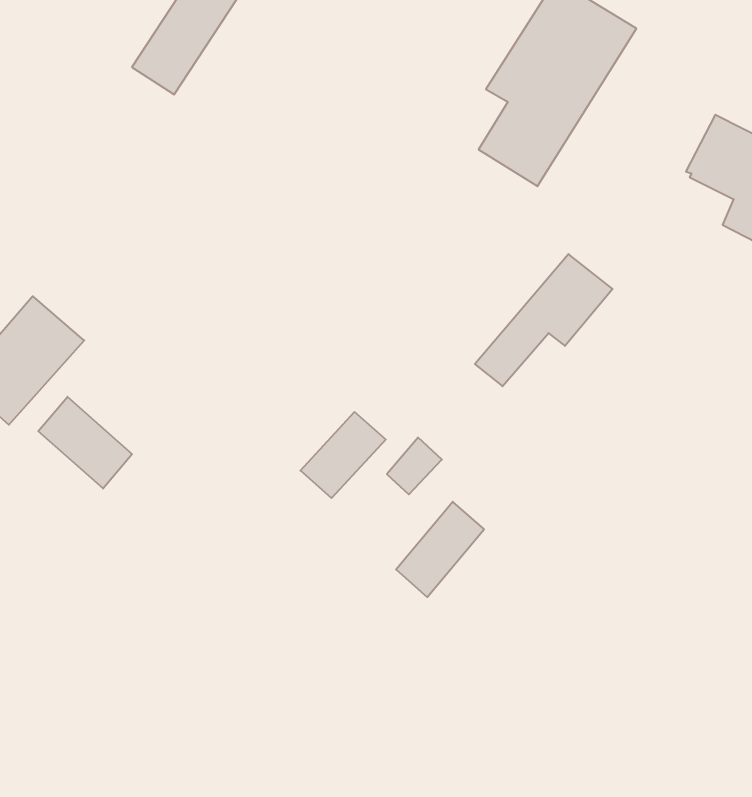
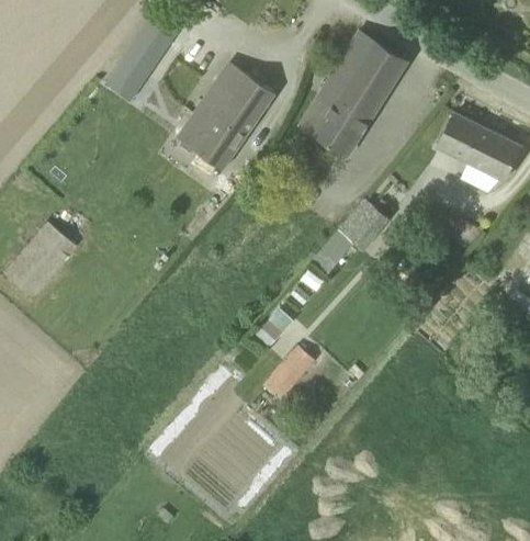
building: none -> [178,63,277,176]
building: [38,397,132,489] -> none
building: [300,412,386,498] -> none

